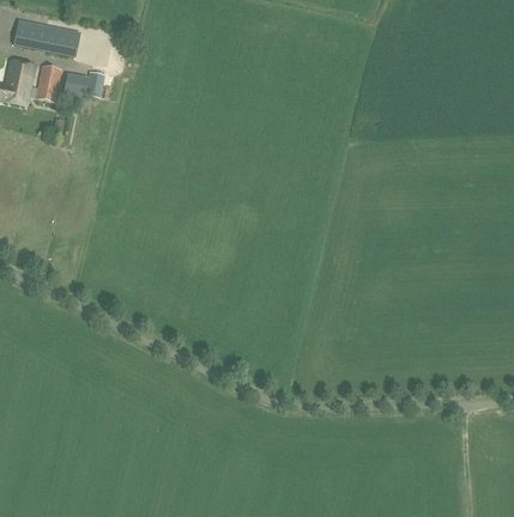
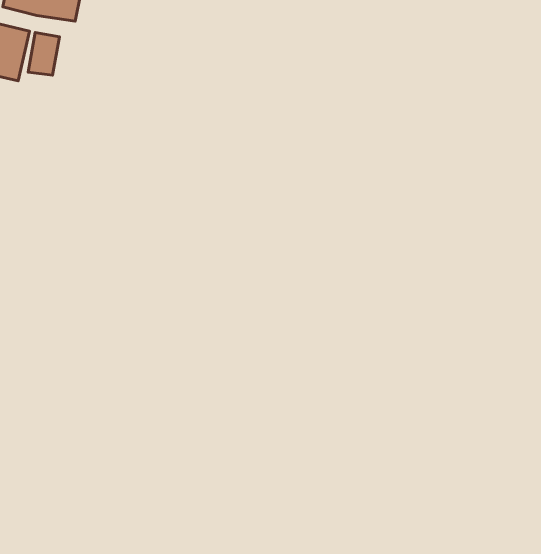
building: [61,68,103,102] -> none

